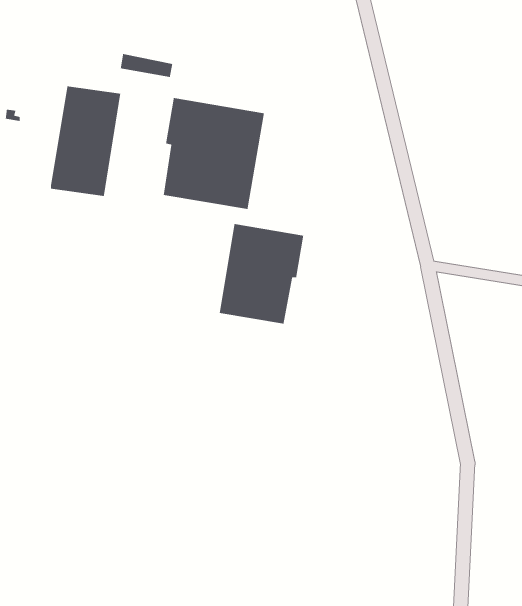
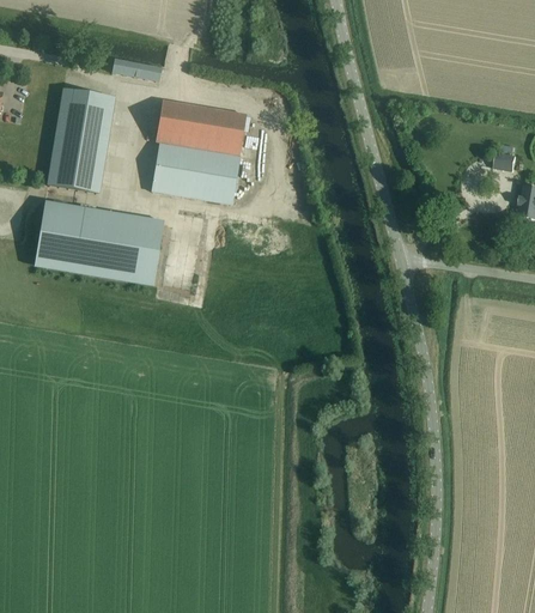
building: none -> [35,202,163,283]
building: [219,223,304,325] -> none

